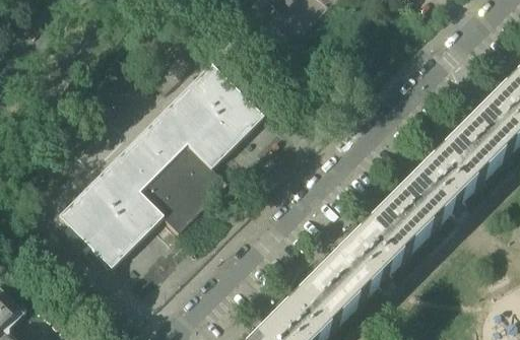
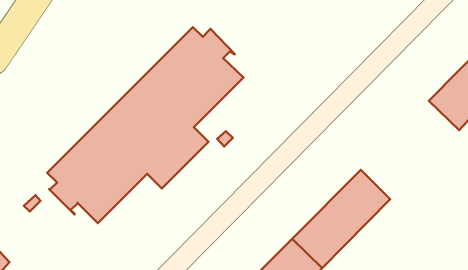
building: [385,138,488,241] -> none

